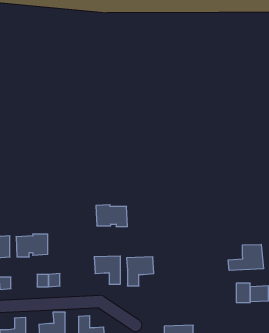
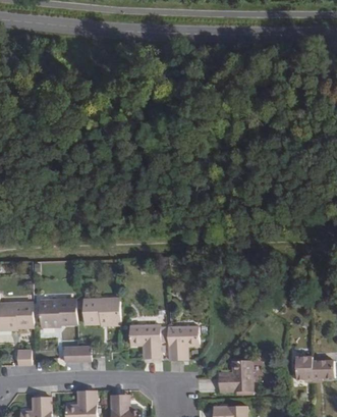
building: [96,205,127,227] -> [82,299,119,324]
building: [228,244,263,270] -> none
building: none -> [217,361,249,392]

